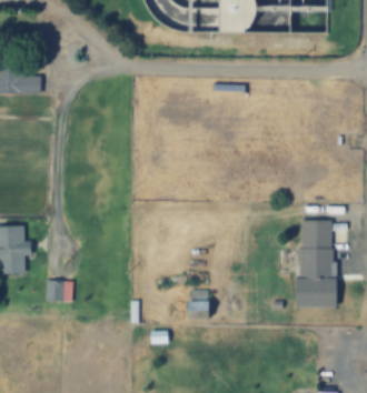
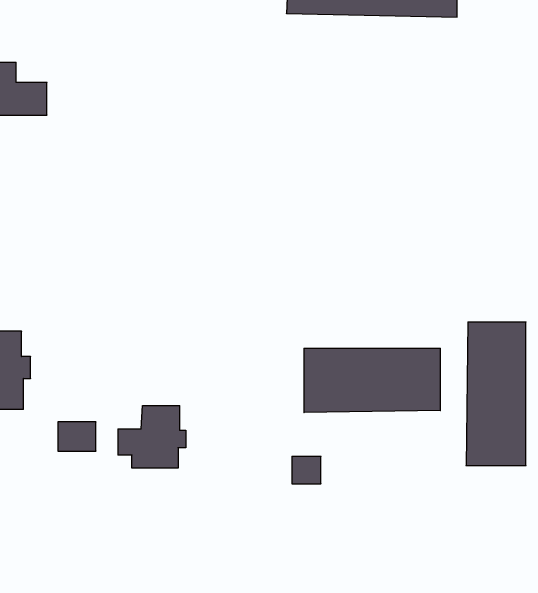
building: none -> [304,348,440,413]
building: none -> [118,406,186,468]

